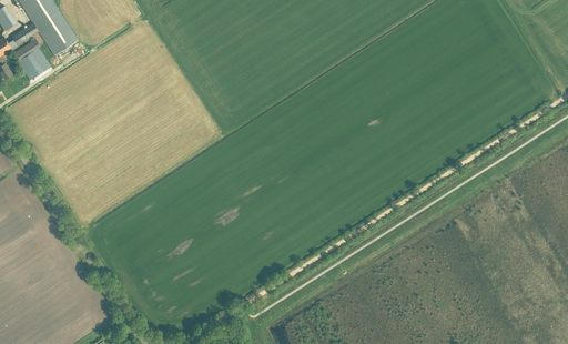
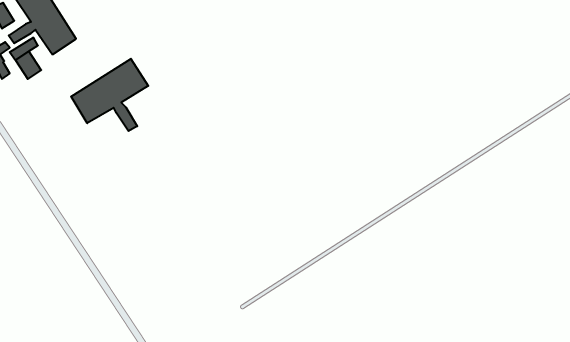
building: none -> [71,59,148,131]

